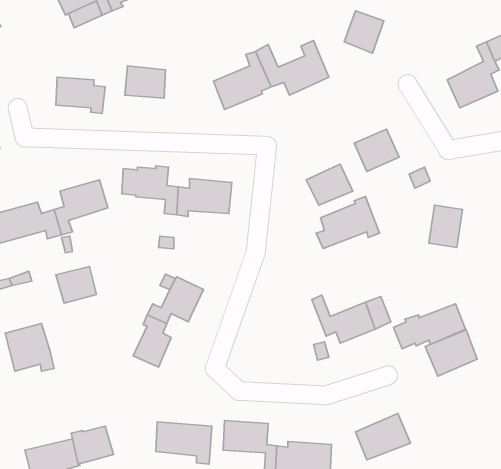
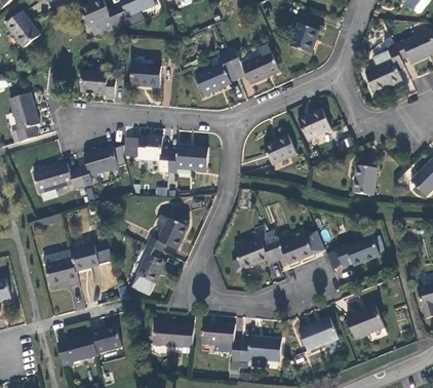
building: [316,197,380,249] -> [231,233,277,271]
building: [56,266,97,303] -> [70,244,100,271]
building: [425,330,477,376] -> [346,305,384,339]

